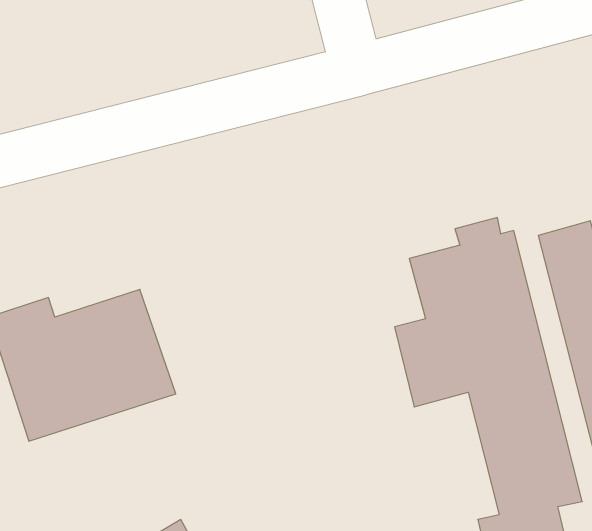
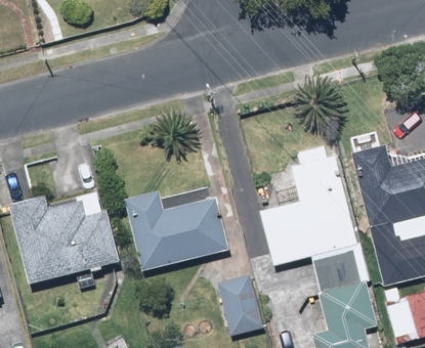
building: none -> [122,191,230,270]
building: none -> [218,272,265,332]

